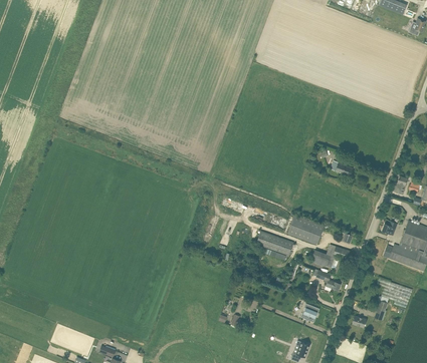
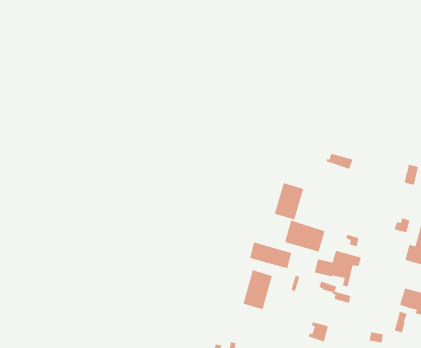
building: none -> [274,182,304,220]
building: none -> [242,269,273,310]

